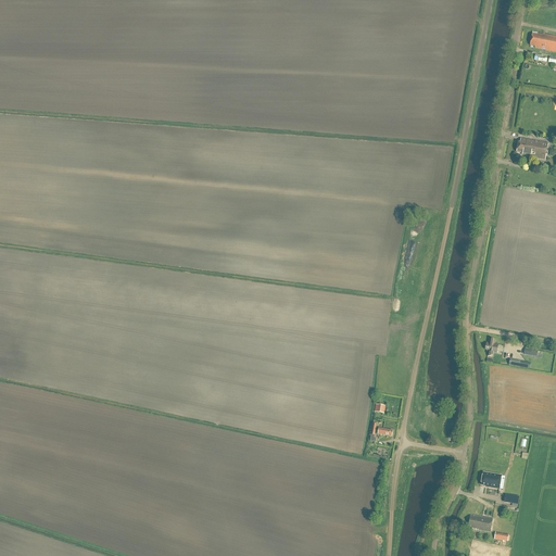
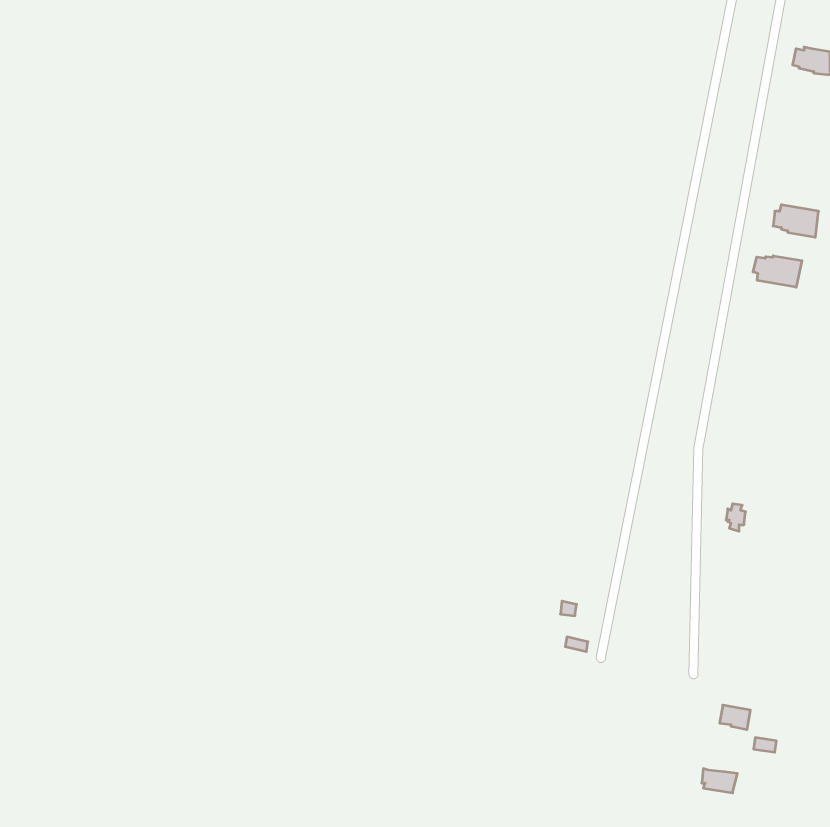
building: none -> [753,256,802,287]

